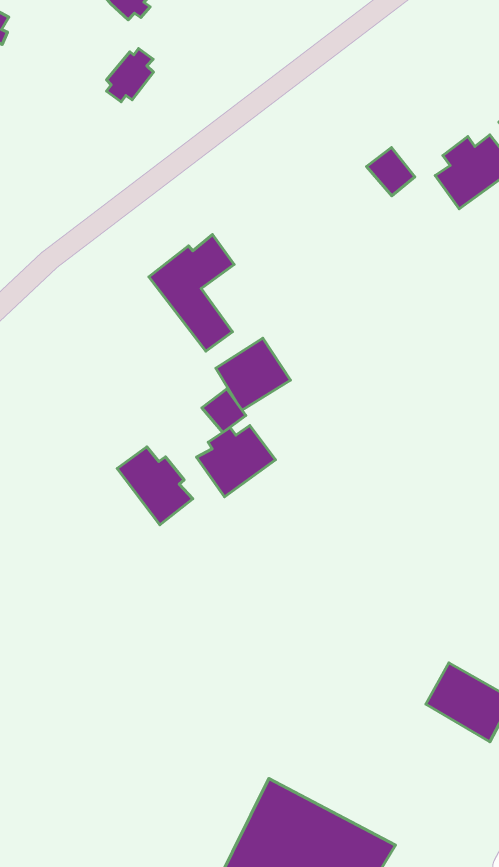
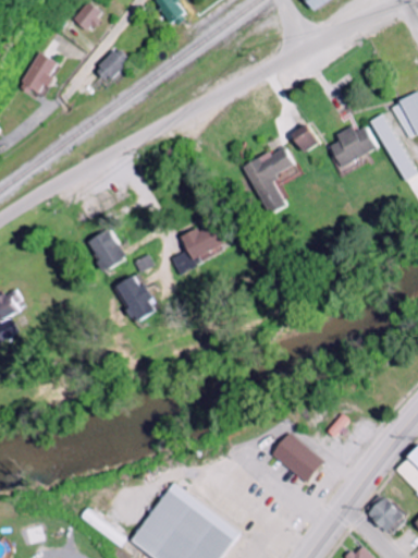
building: [106,49,154,102] -> [91,49,122,78]
building: [149,234,234,351] -> [243,147,294,215]
building: none -> [86,229,127,271]
building: [197,426,275,497] -> none

